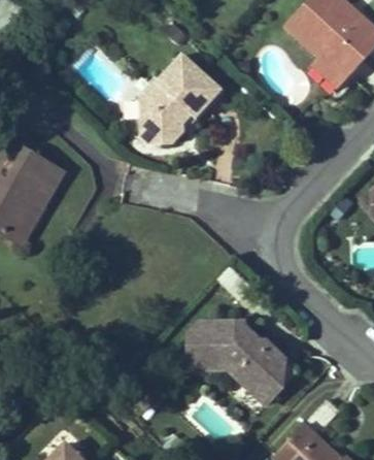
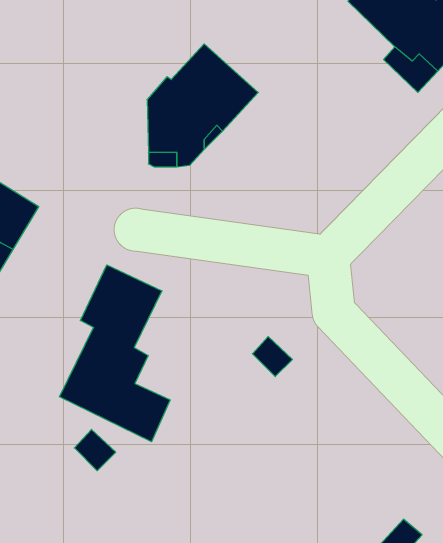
building: none -> [60,265,170,442]
building: [189,321,297,402] -> none

